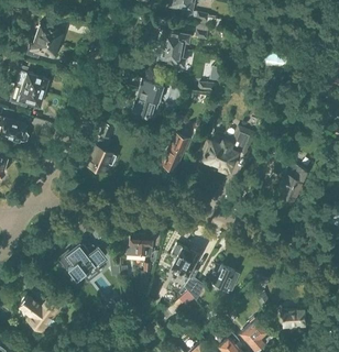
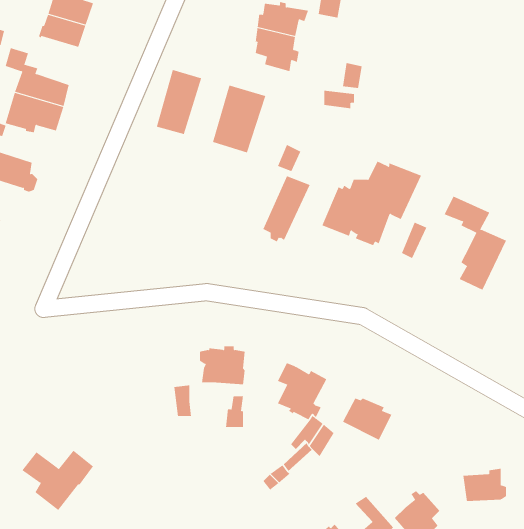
building: none -> [156,69,202,135]
building: [88,142,117,172] -> none
building: [61,244,106,279] -> none

